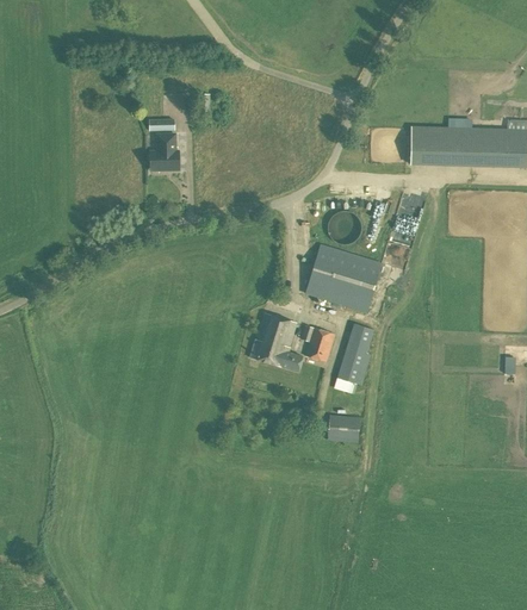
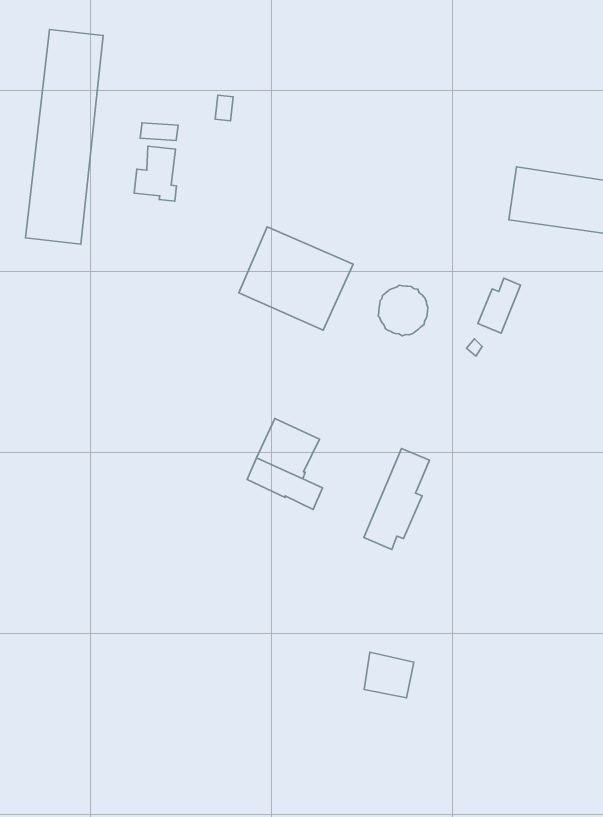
building: none -> [26,30,103,244]
building: [305,245,382,312] -> [239,227,353,330]
building: [300,325,334,362] -> none
building: [328,415,360,443] -> [364,652,414,698]

